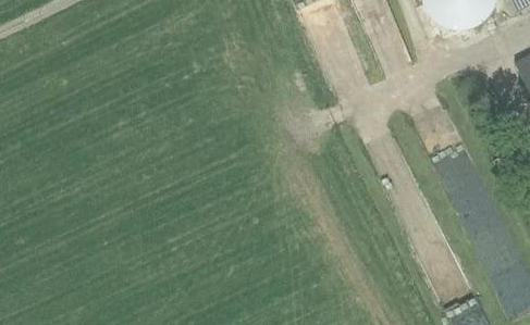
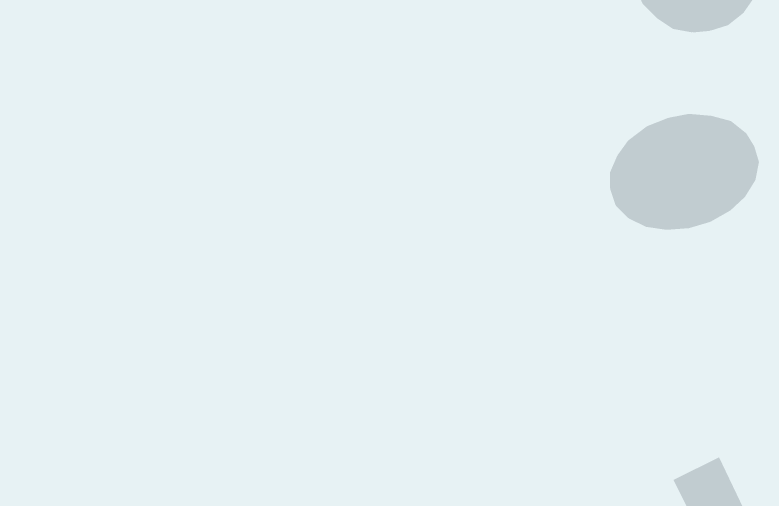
building: none -> [609,113,760,230]

